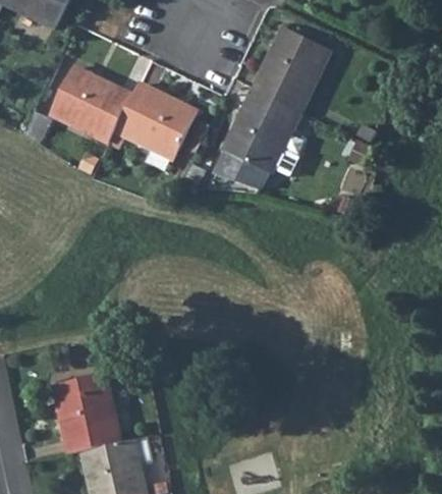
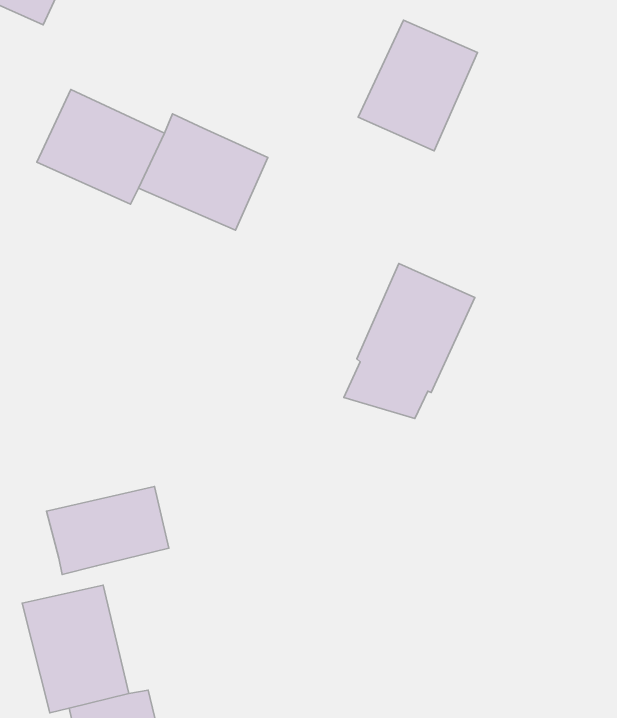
building: [222,84,305,181] -> [344,263,475,418]
building: none -> [47,486,169,575]

